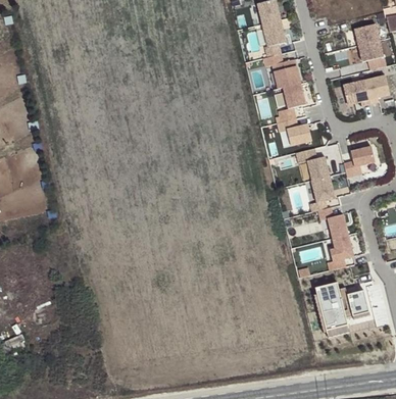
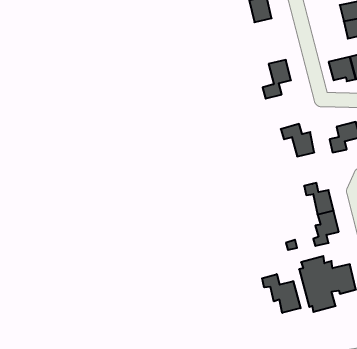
building: [263,54,300,89] -> none
building: [277,118,311,145] -> none
building: [309,177,334,211] -> none
building: none -> [262,274,301,313]

